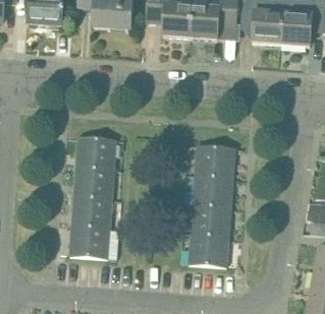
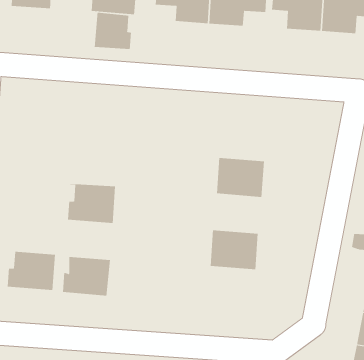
building: none -> [94,12,133,50]
building: [76,137,116,169] -> none
building: [193,175,233,207] -> none
building: [72,196,112,229] -> [7,251,56,291]
building: [188,234,228,266] -> none

